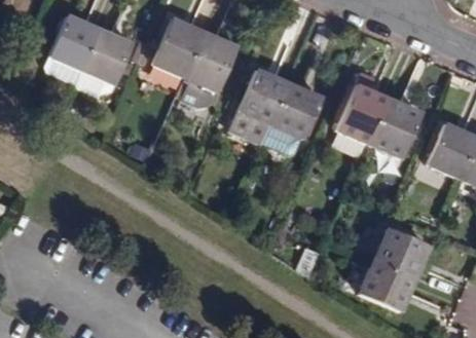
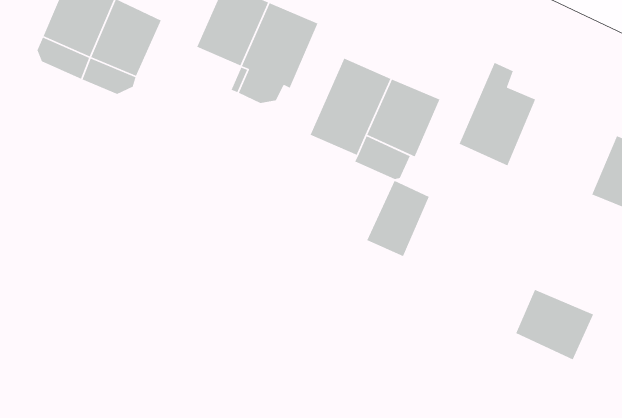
building: [370,97,420,155] -> none
building: none -> [366,180,430,257]
building: [360,258,415,311] -> none

